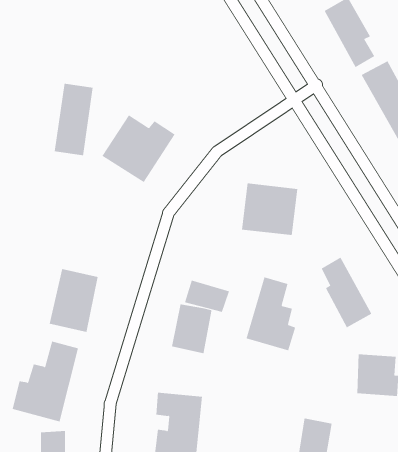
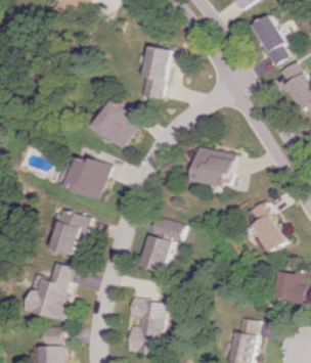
building: [54,83,94,156] -> [140,46,169,98]
building: none -> [66,156,110,199]
building: [246,277,296,351] -> none

